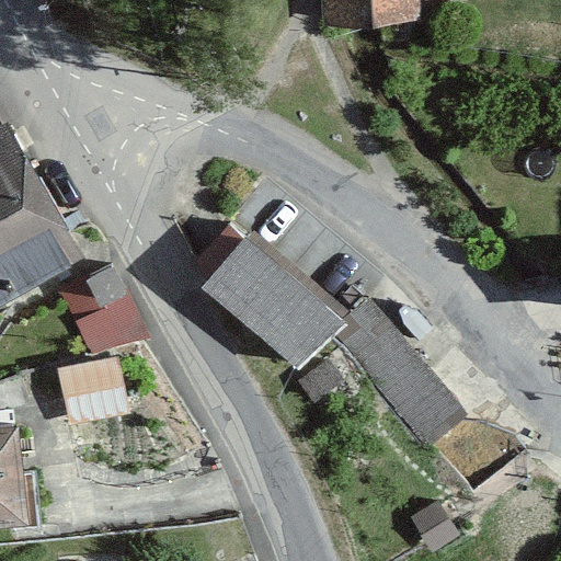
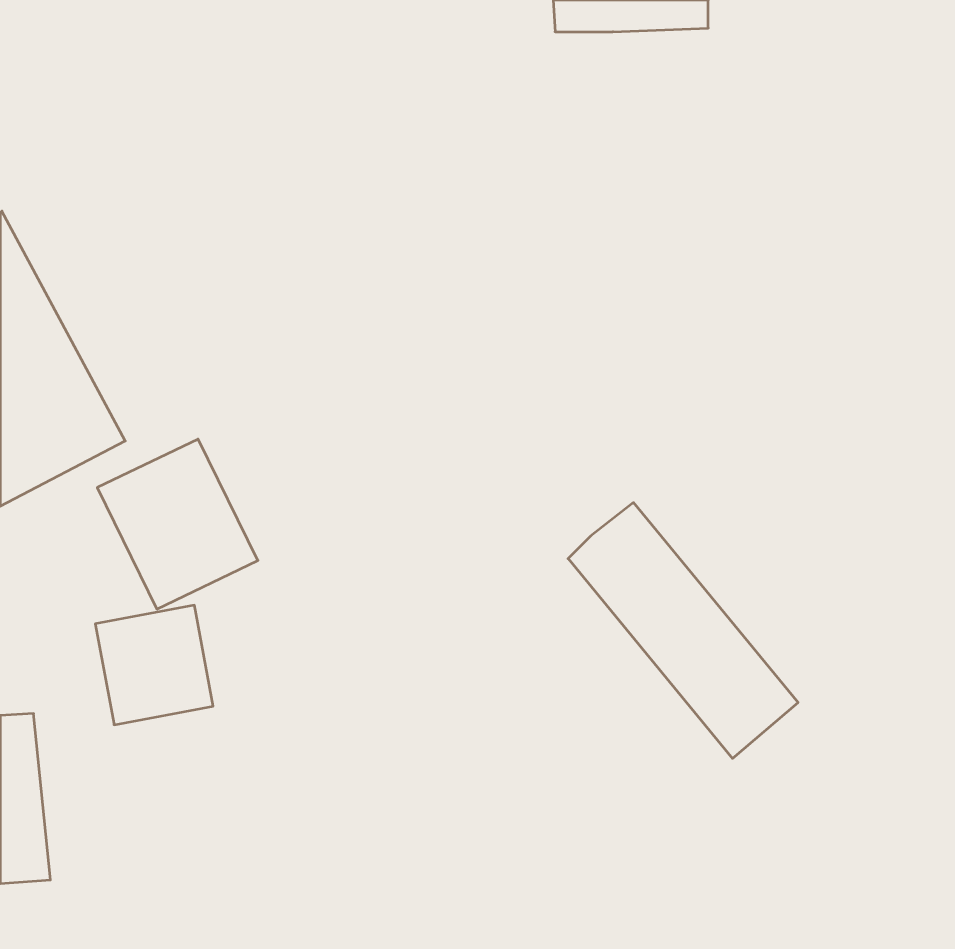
building: [203,232,346,364] -> none

